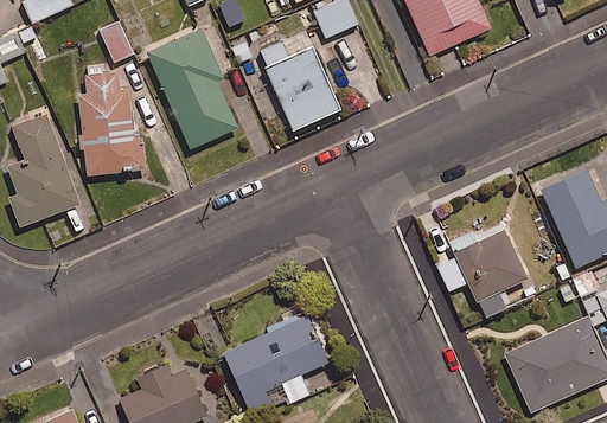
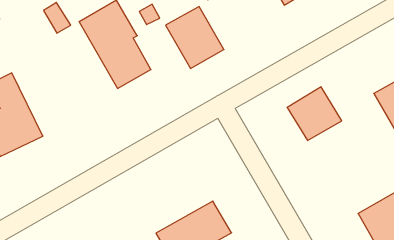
building: [78,72,147,175] -> none
building: [454,229,528,301] -> [287,87,342,141]

